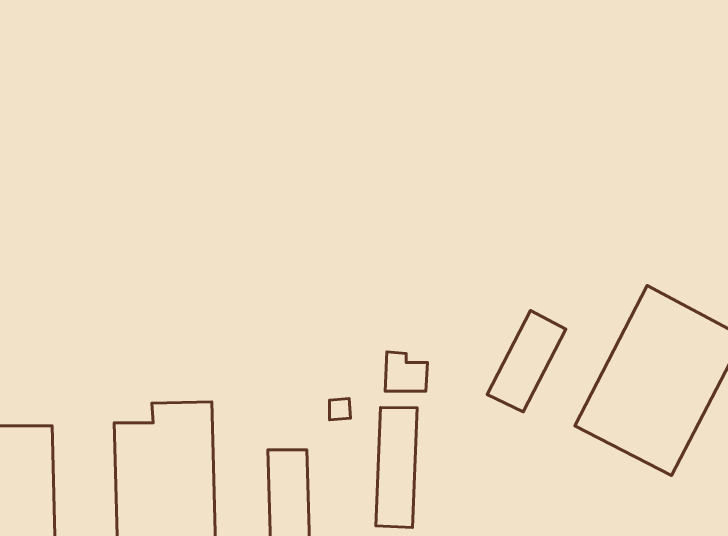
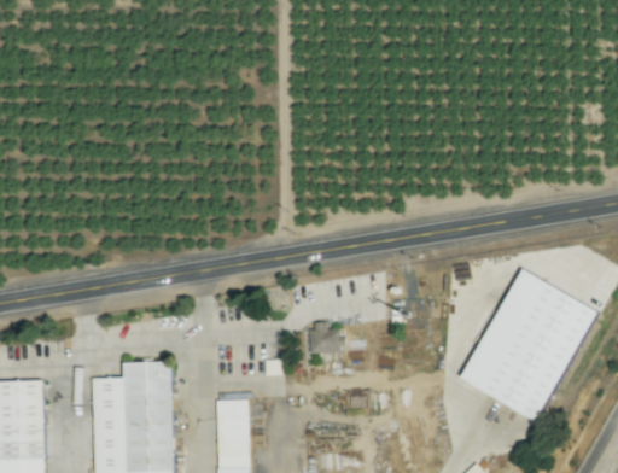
building: [487,311,566,412] -> none
building: [376,408,417,528] -> none

